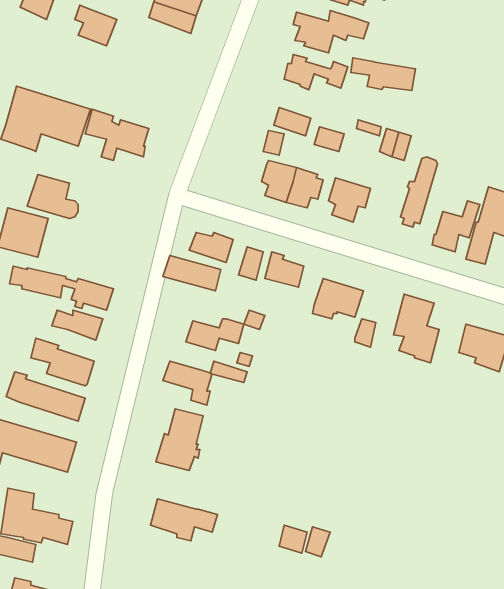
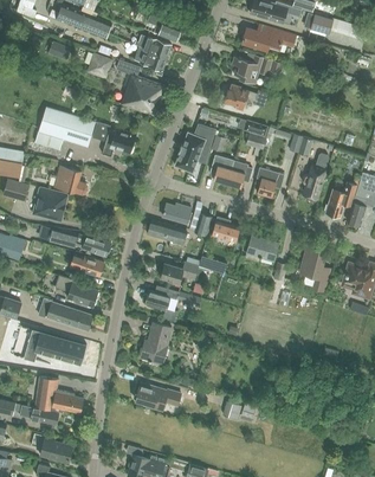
building: none -> [116,59,166,116]
building: [351,58,415,90] -> none
building: none -> [175,124,215,172]

